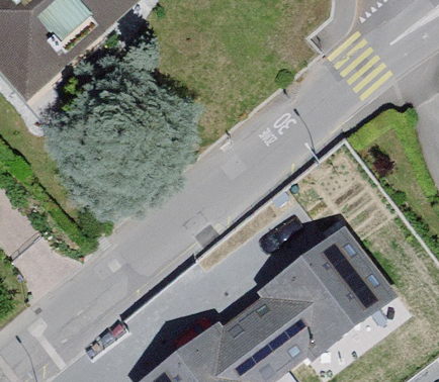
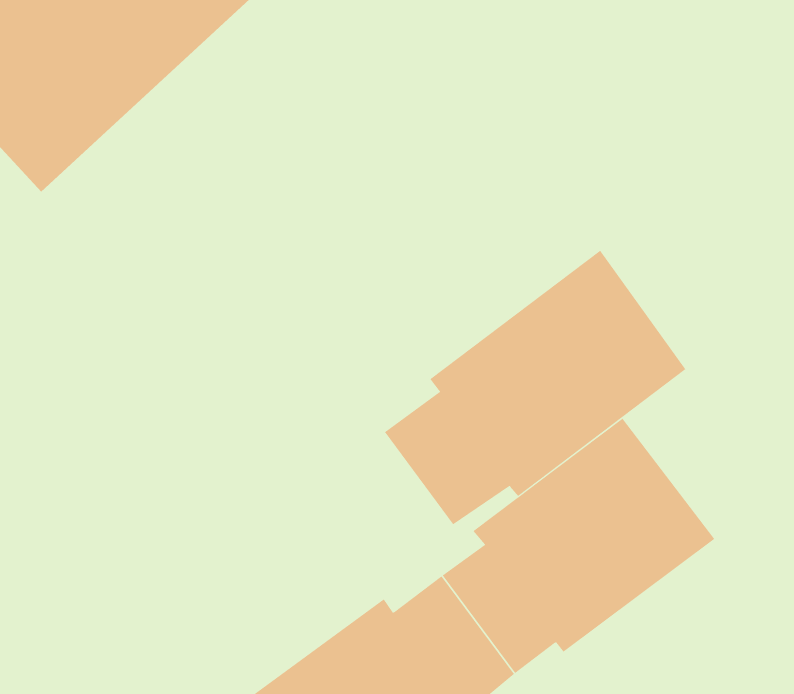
building: none -> [384,250,686,525]

